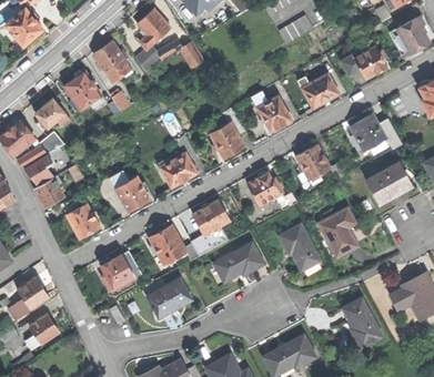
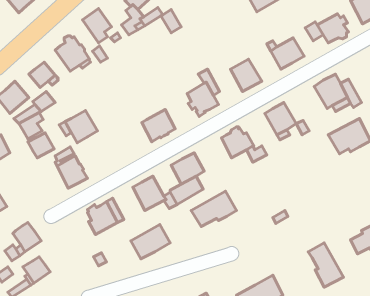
building: [114,176,150,212] -> [65,111,97,143]
building: [319,207,357,257] -> none
building: [279,224,320,269] -> none

